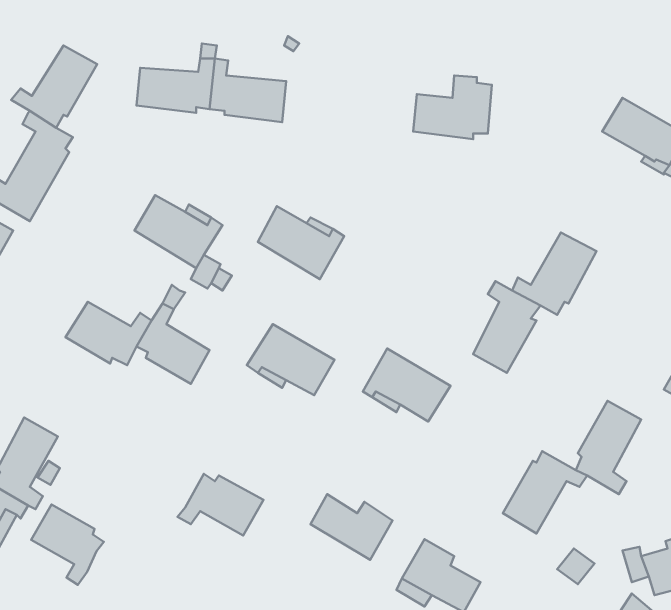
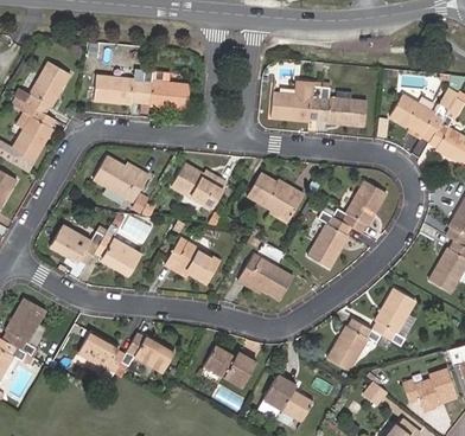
building: none -> [318,86,367,126]
building: none -> [248,174,304,224]
building: [31,504,104,585] -> [79,331,126,381]

